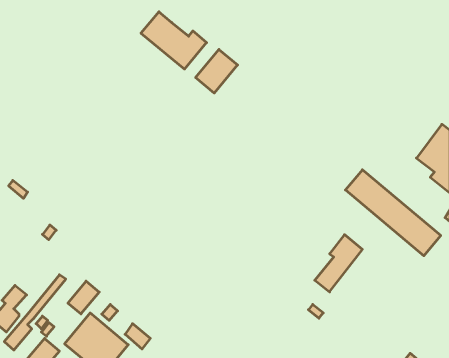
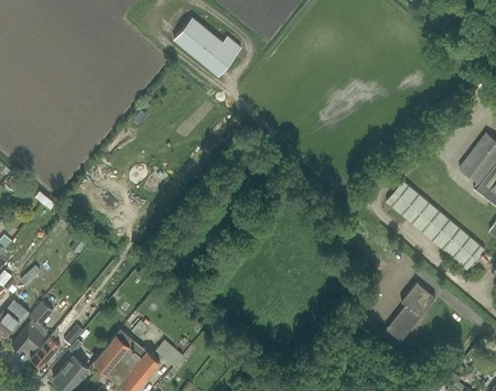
building: [196,49,238,93] -> none
building: [315,235,362,292] -> [386,282,435,341]
building: [68,281,99,314] -> none

